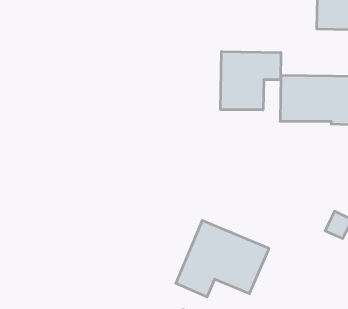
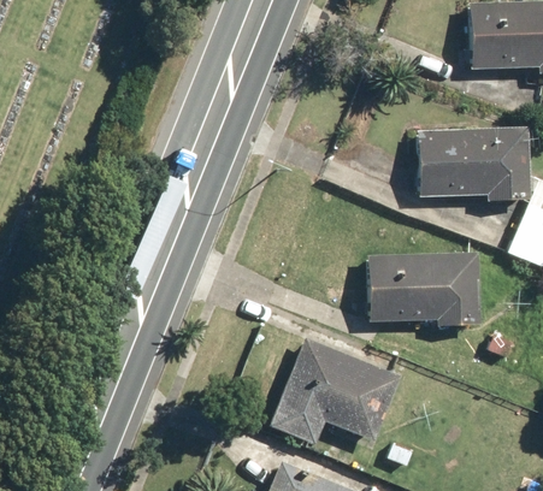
building: [221,51,281,110] -> none
building: none -> [370,253,477,327]

